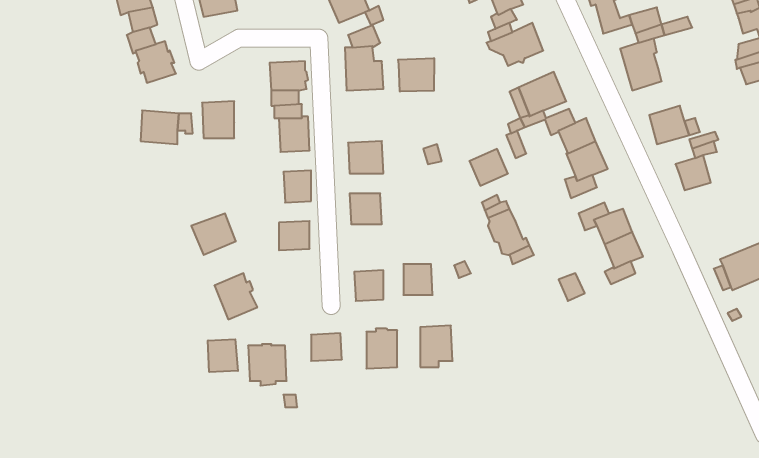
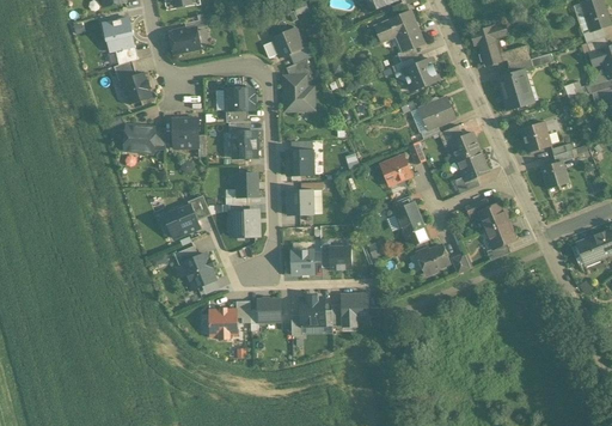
building: [398,58,434,92] -> none
building: none -> [417,244,449,274]
building: [208,339,238,372] -> none

